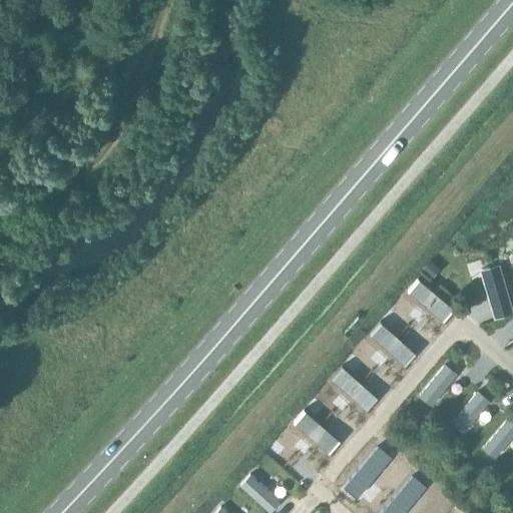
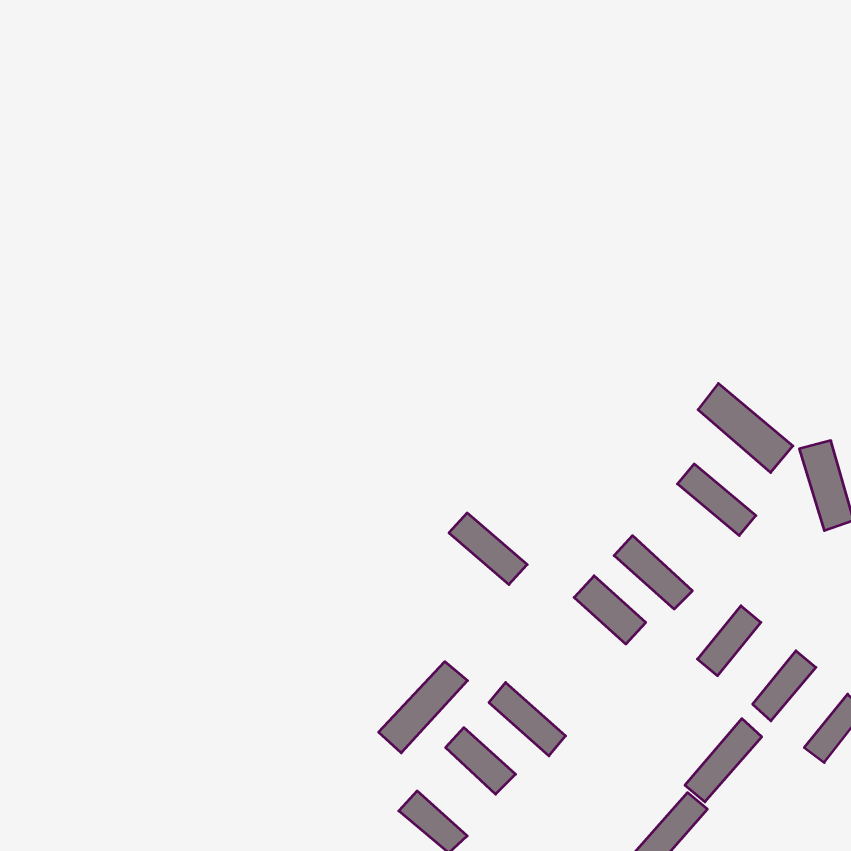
building: none -> [698,383,793,473]
building: [332,368,379,411] -> [449,513,527,585]
building: none -> [379,662,468,753]
building: [345,447,391,497] -> [685,719,762,802]

